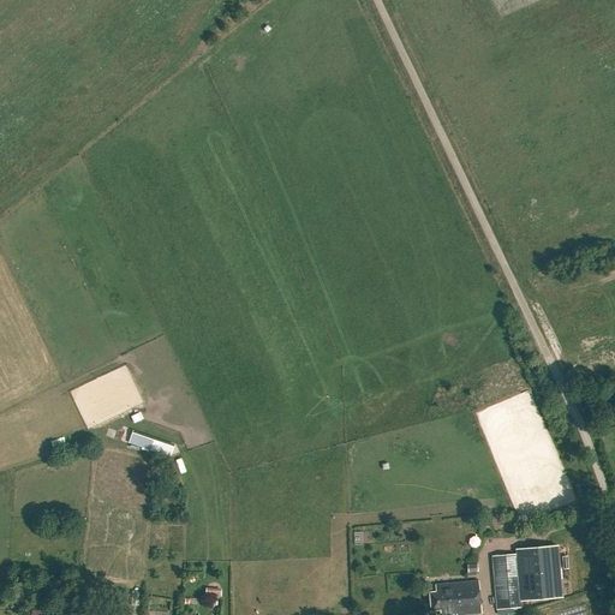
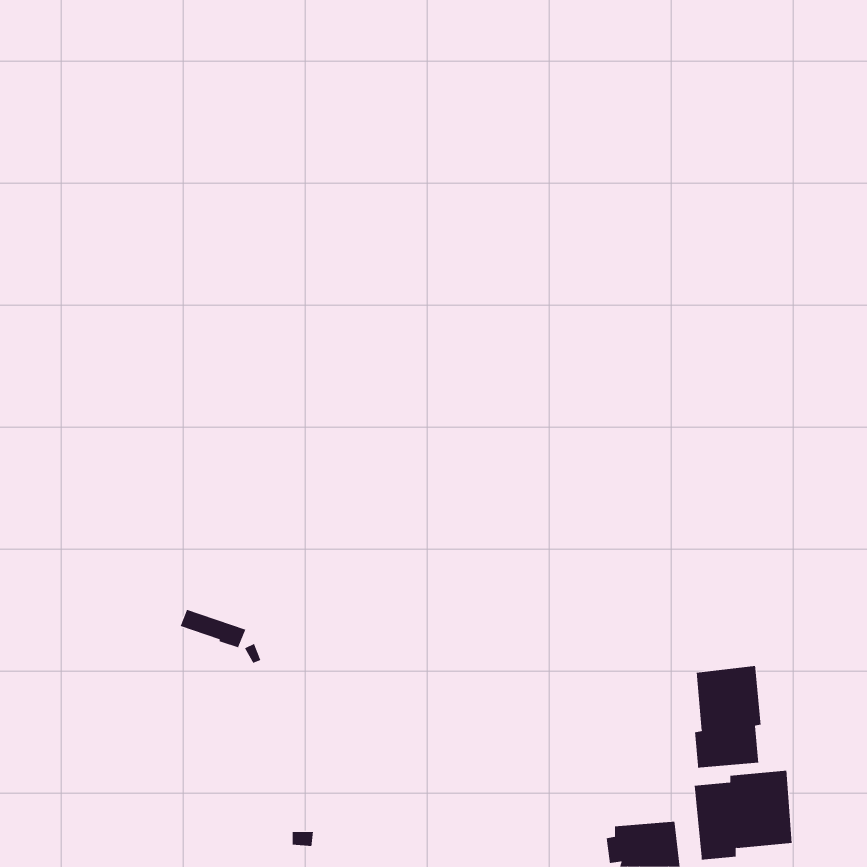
building: none -> [695,665,761,769]

